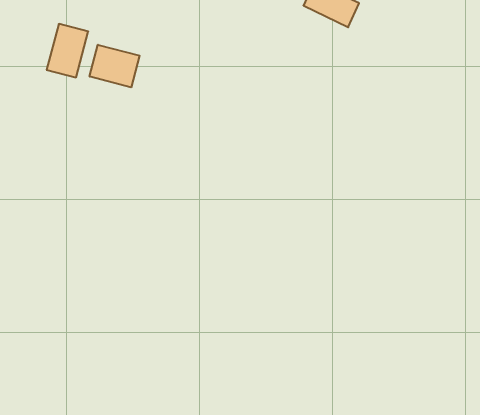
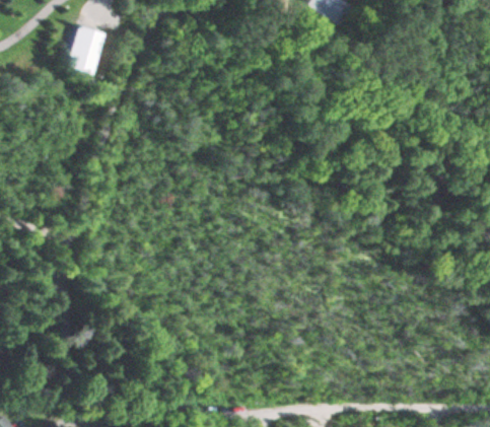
building: [90,45,140,87] -> none

